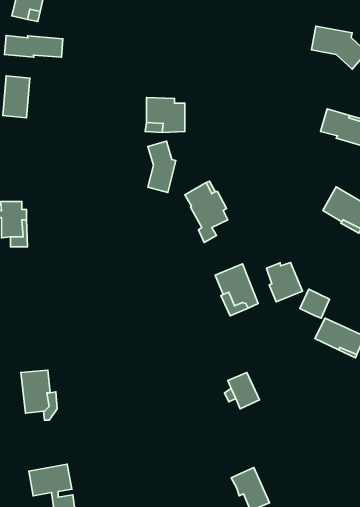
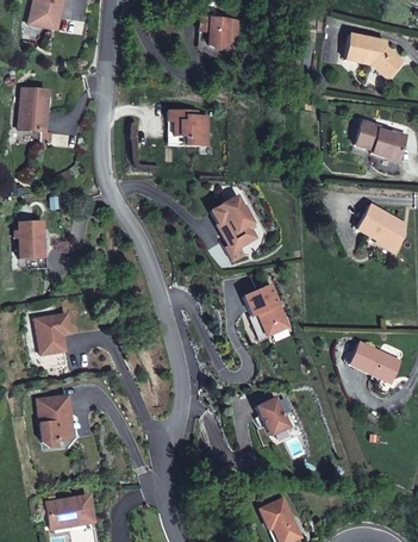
building: none -> [201,17,241,49]
building: [5,35,63,57] -> none
building: [148,141,176,192] -> none
building: [267,262,302,302] -> none
building: [300,289,330,318] -> none
building: none -> [36,313,70,355]

